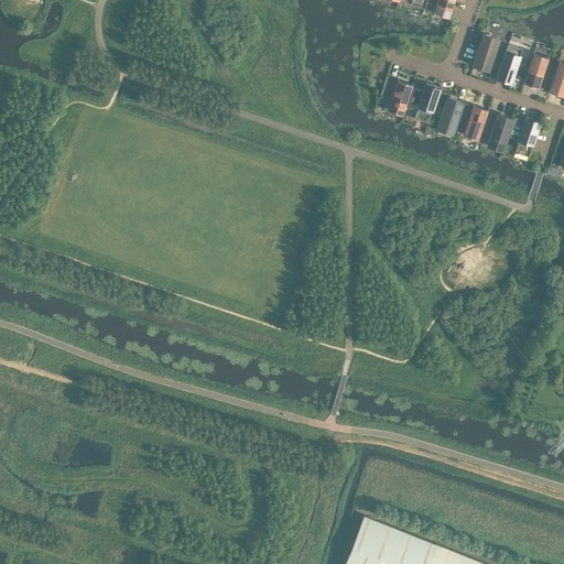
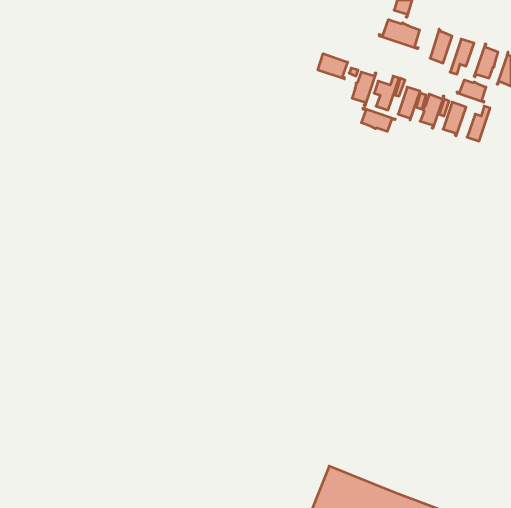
building: none -> [379,20,420,49]
building: none -> [318,54,348,79]
building: none -> [457,80,486,102]
building: none -> [361,108,395,131]

